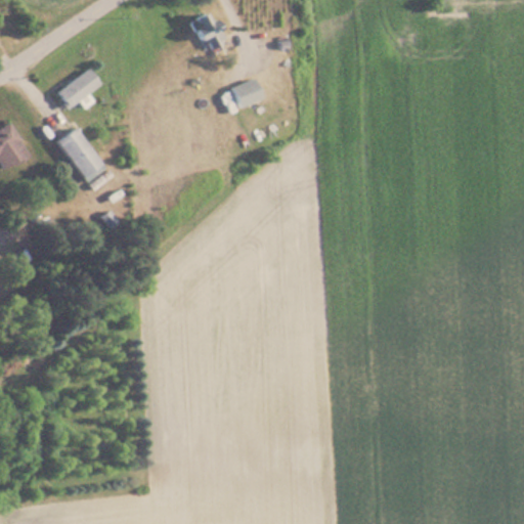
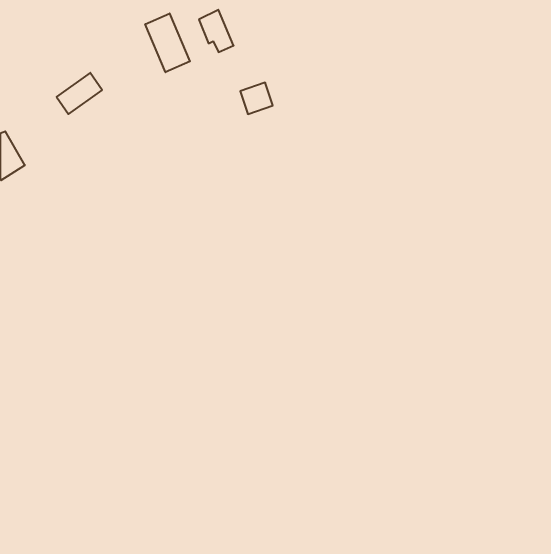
building: none -> [145,13,190,72]
building: [57,128,106,184] -> none

